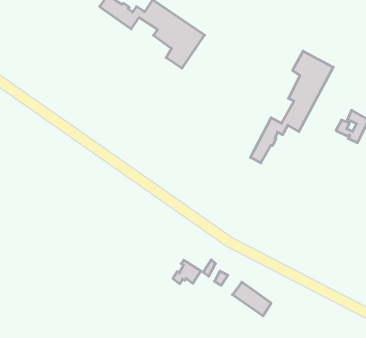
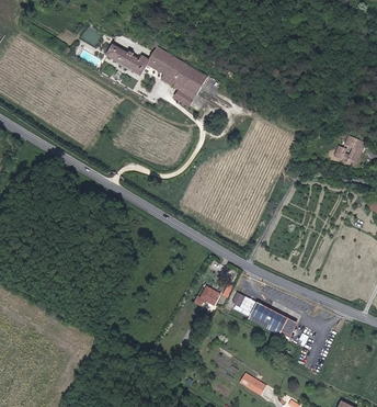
building: [250,51,333,163] -> none

